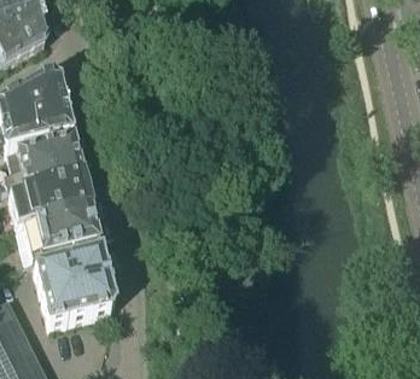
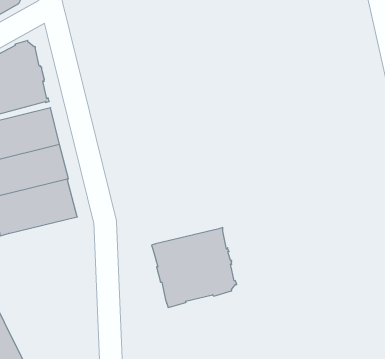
building: [34,249,115,325] -> [152,227,237,307]

